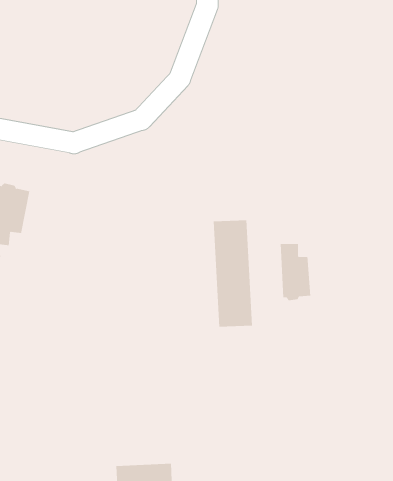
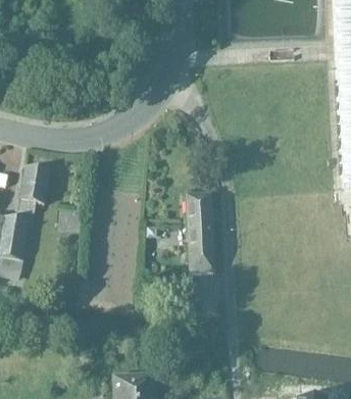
building: [280,243,311,301] -> none

